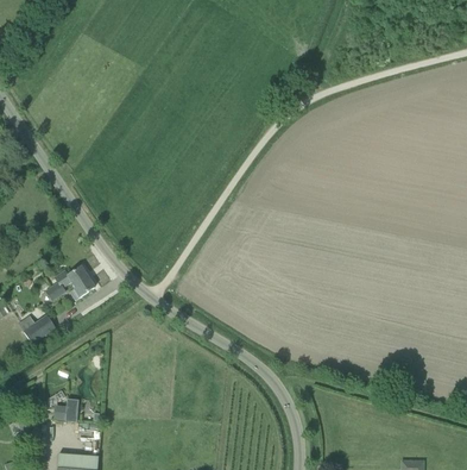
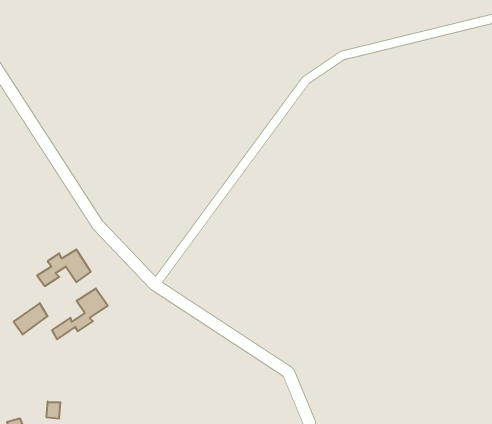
building: none -> [52,288,108,339]

